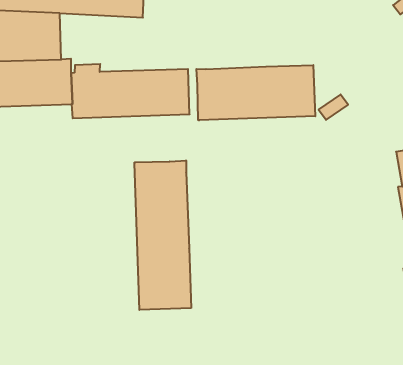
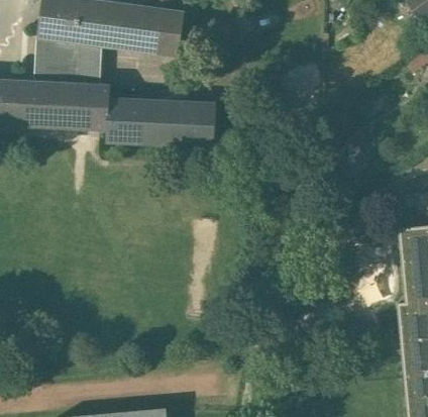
building: [196,65,315,120] -> none
building: [135,160,191,310] -> none

